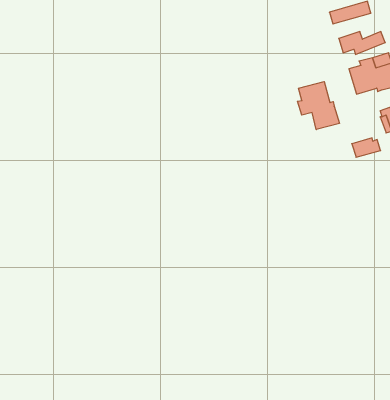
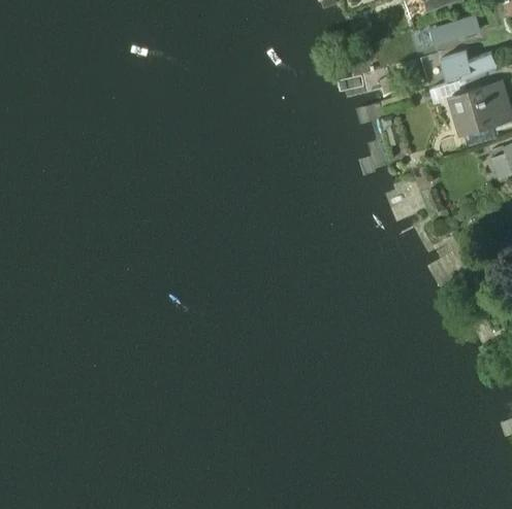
building: [297,82,339,130] -> none
building: [352,138,381,157] -> [460,122,495,145]

